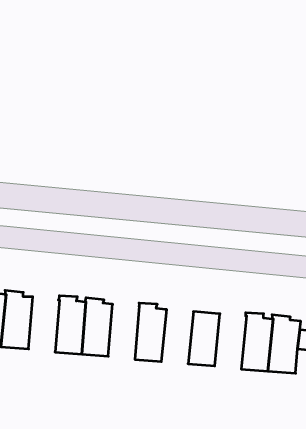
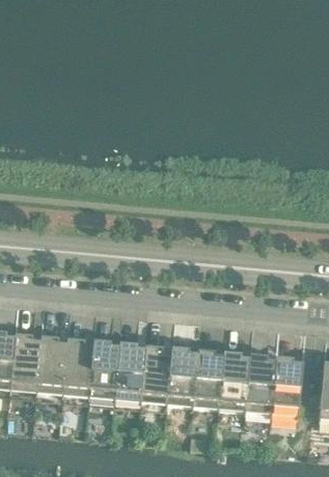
building: none -> [36,336,66,393]
building: none -> [114,342,144,400]
building: none -> [166,347,197,404]
building: none -> [218,352,249,410]

